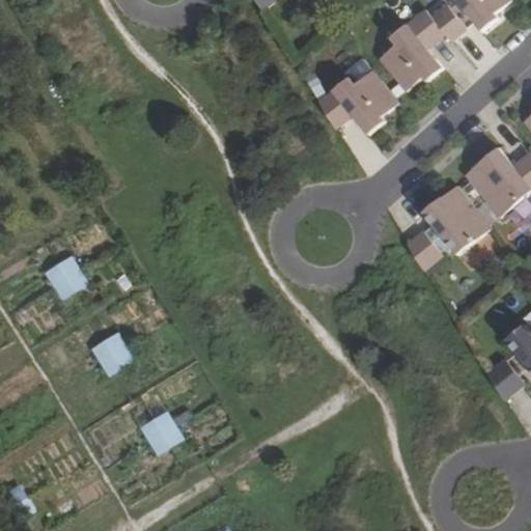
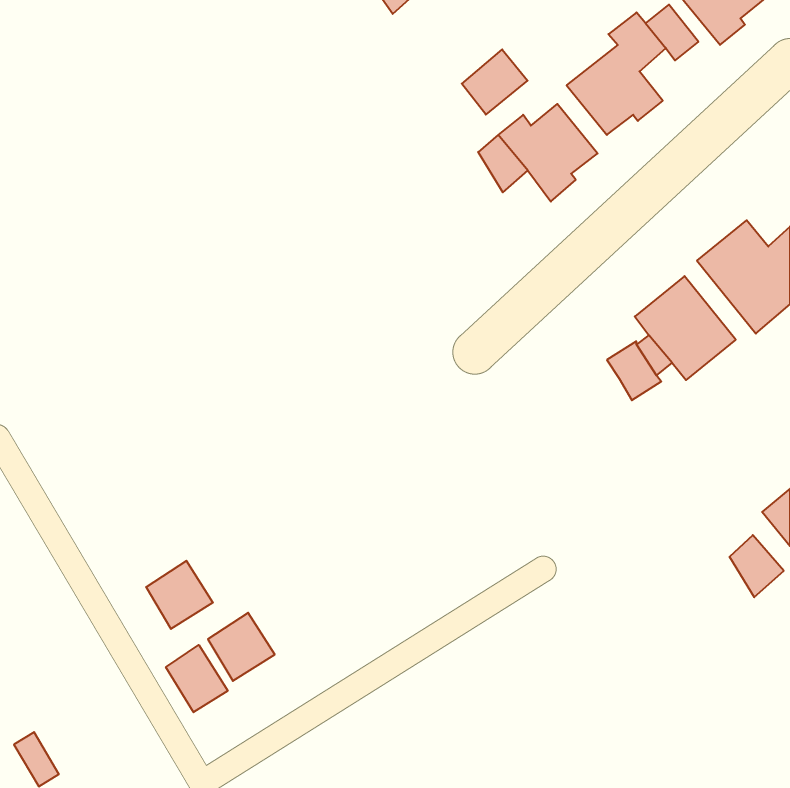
building: none -> [462,49,528,115]
building: [41,252,87,298] -> none
building: [89,329,134,374] -> [146,561,213,629]
building: none -> [166,645,228,712]

